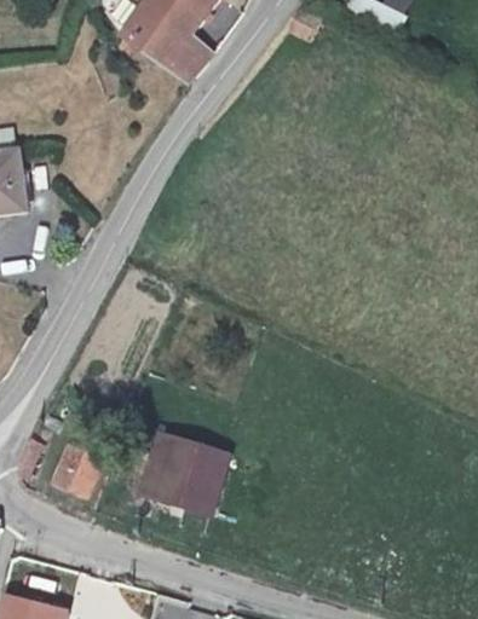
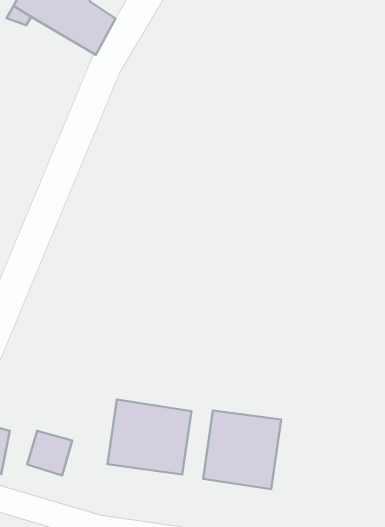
building: none -> [203,410,281,489]

